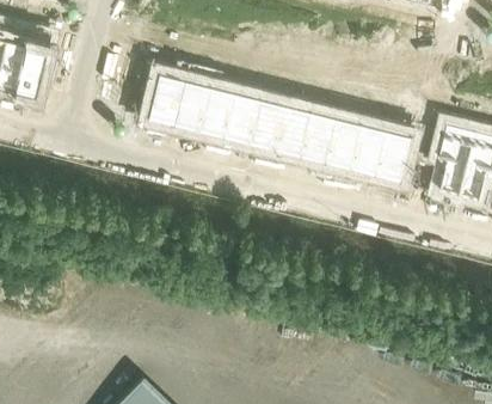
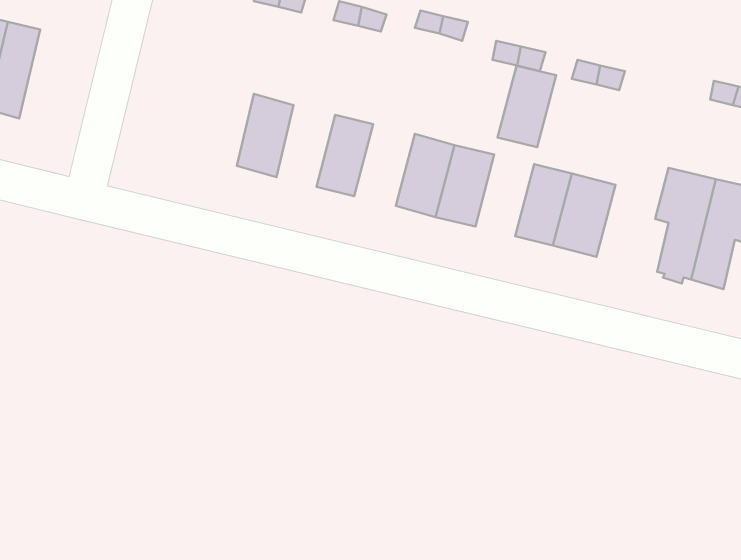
building: [146,73,183,124] -> none
building: [197,86,234,137] -> none
building: [246,98,284,149] -> none
building: [322,117,359,169] -> [498,66,556,147]

